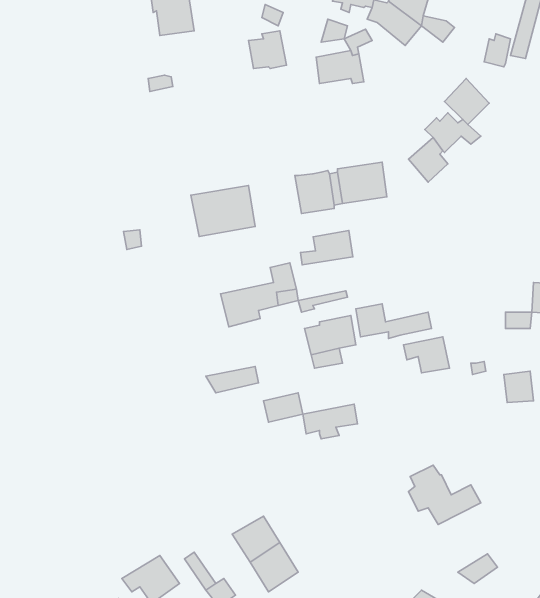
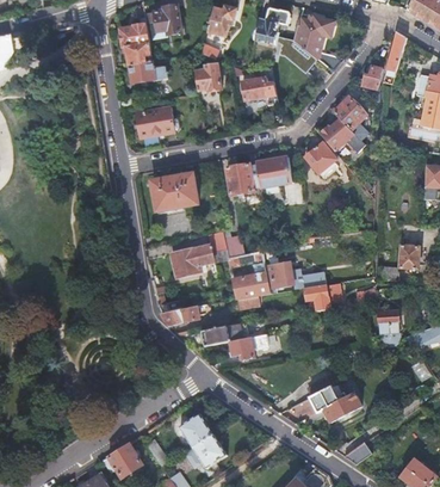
building: none -> [128,61,166,84]
building: none -> [135,105,175,136]
building: [301,231,353,265] -> none

